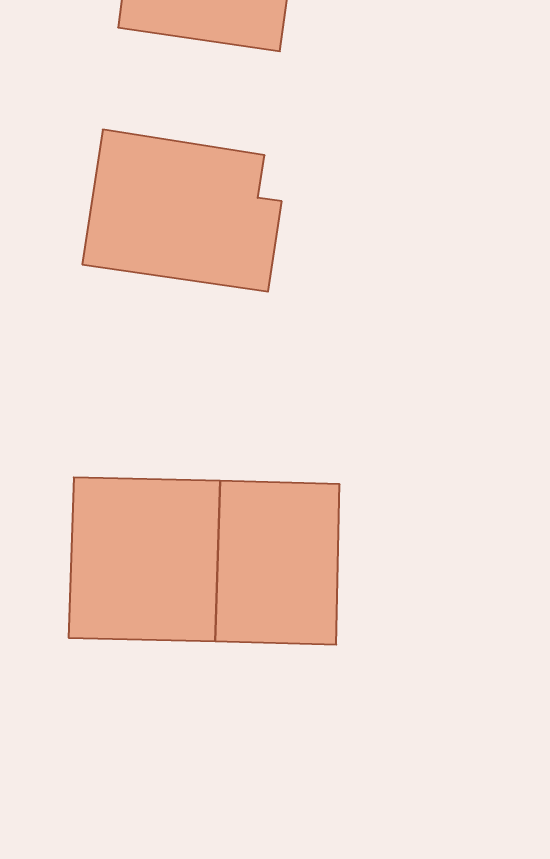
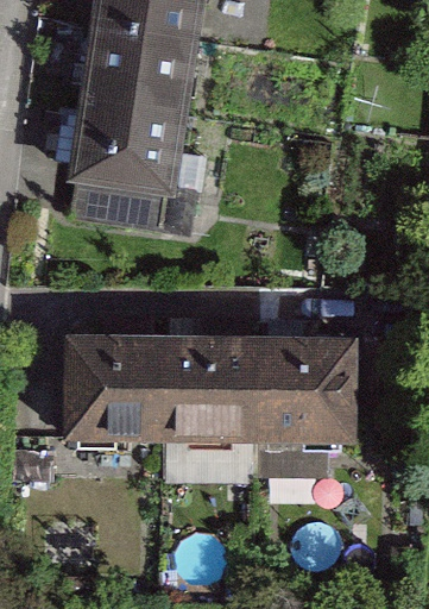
building: none -> [84,20,208,109]
building: none -> [247,339,354,454]

